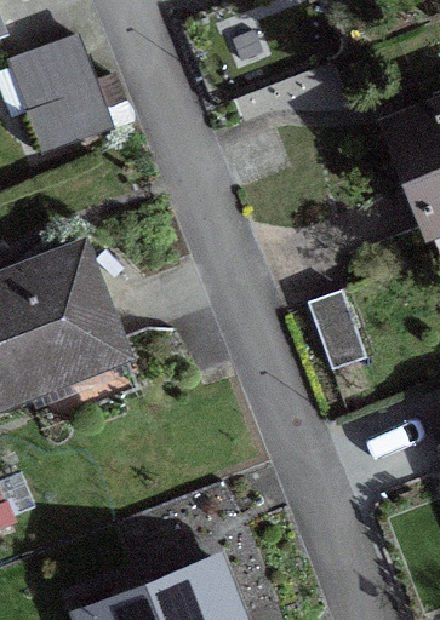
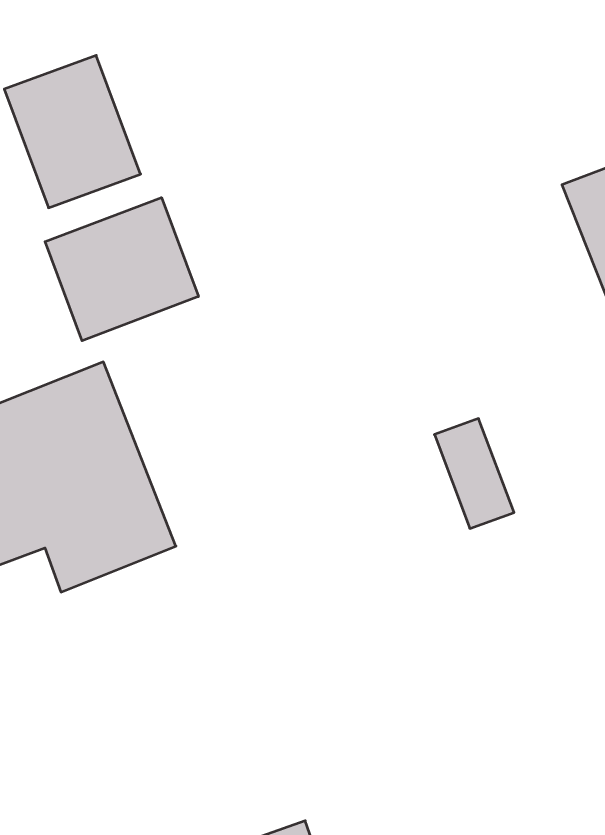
building: none -> [45,198,198,341]

